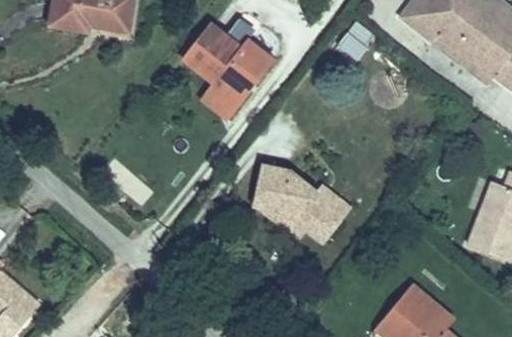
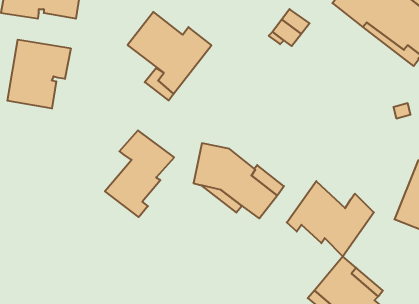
building: none -> [7,40,71,109]
building: none -> [105,130,174,217]
building: none -> [287,181,374,256]

